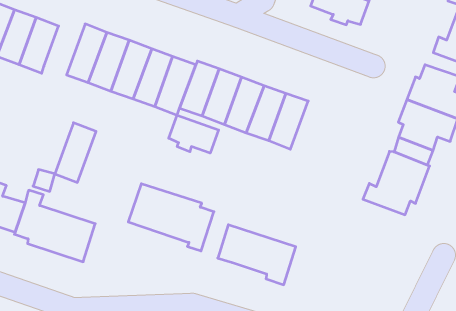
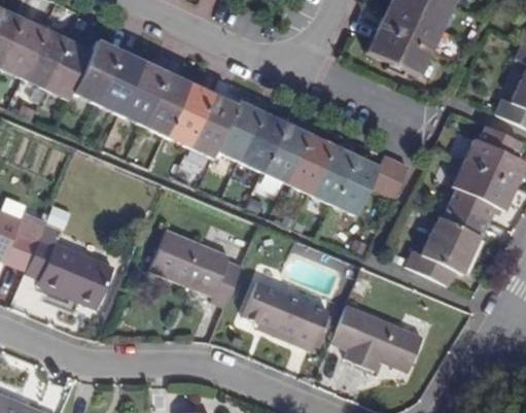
building: none -> [332,154,410,216]
building: [169,115,219,153] -> none
building: [55,123,96,182] -> [73,39,121,104]
building: none -> [331,305,422,368]

